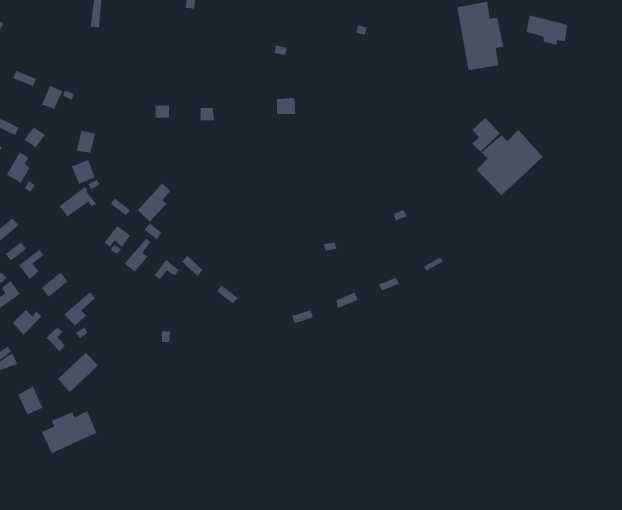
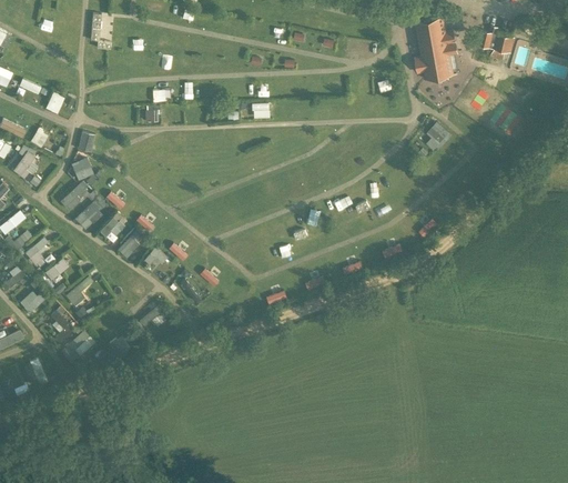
building: [476,129,543,196] -> none
building: [137,182,171,223] -> [75,194,105,230]
building: [41,410,97,454] -> none

